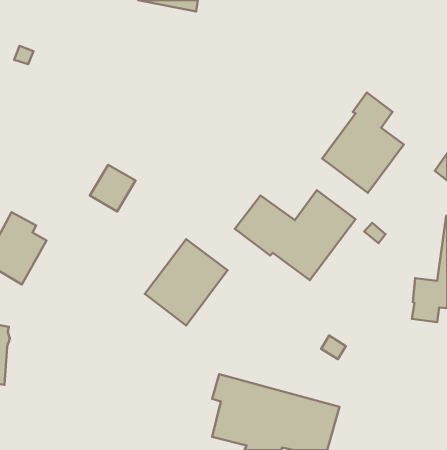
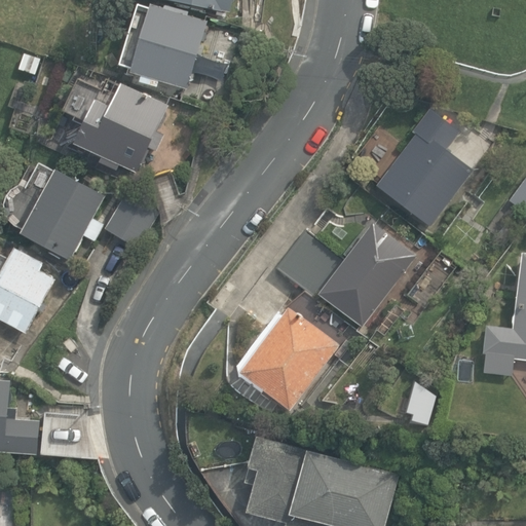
building: none -> [130,5,206,88]
building: none -> [65,78,166,172]
building: none -> [22,170,104,259]
building: [145,239,227,326] -> [240,307,337,408]

